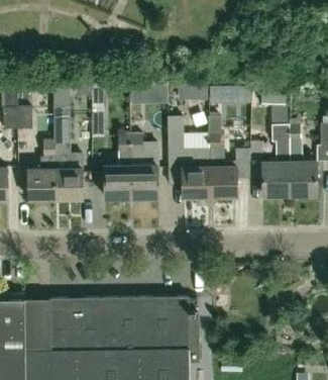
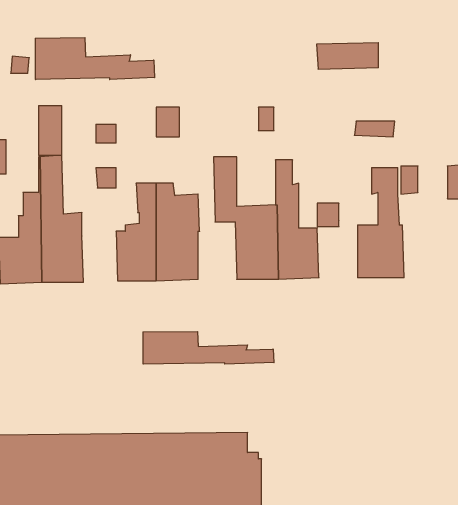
building: none -> [35,38,155,80]
building: [209,86,249,103] -> [317,43,378,69]
building: [291,162,316,196] -> none
building: none -> [143,332,274,364]

